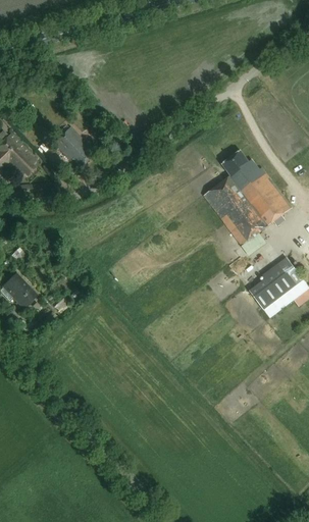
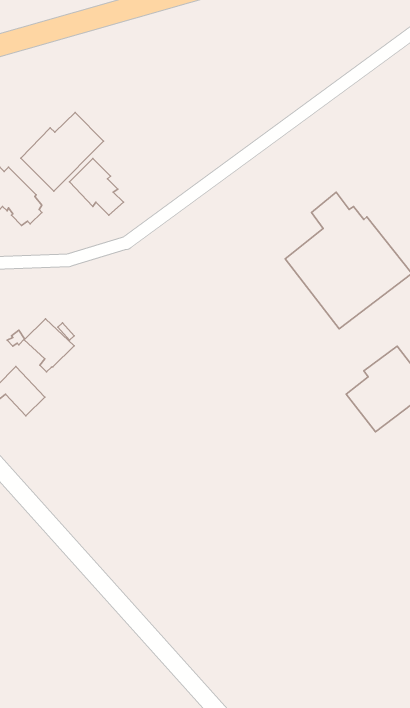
building: none -> [21,112,104,191]
building: none -> [24,319,74,372]

